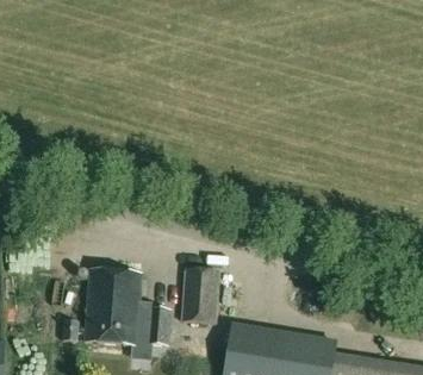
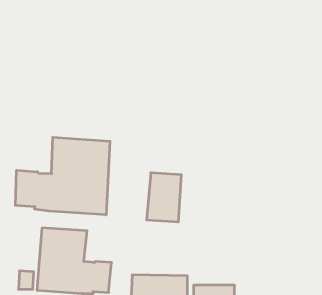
building: none -> [15,137,110,215]
building: [179,265,219,323] -> [147,173,181,222]

